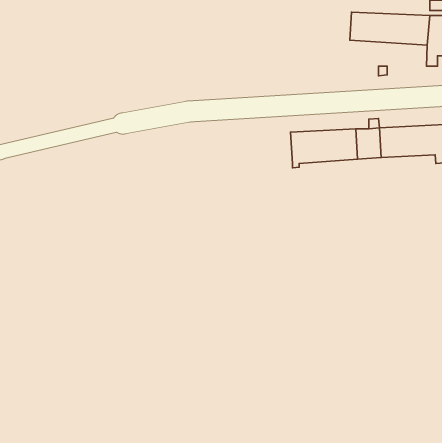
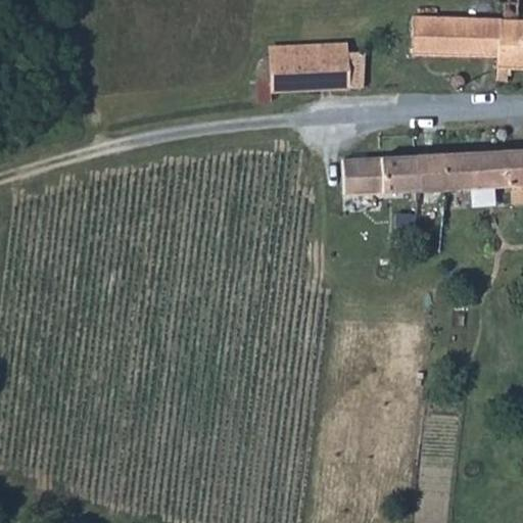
building: none -> [257,51,367,99]

